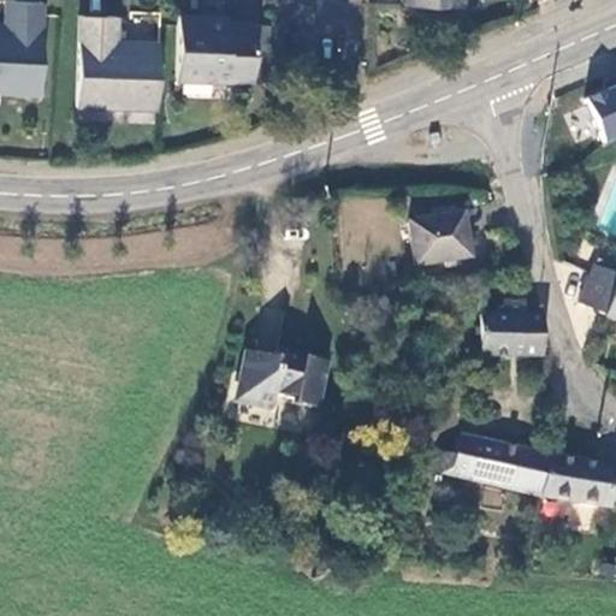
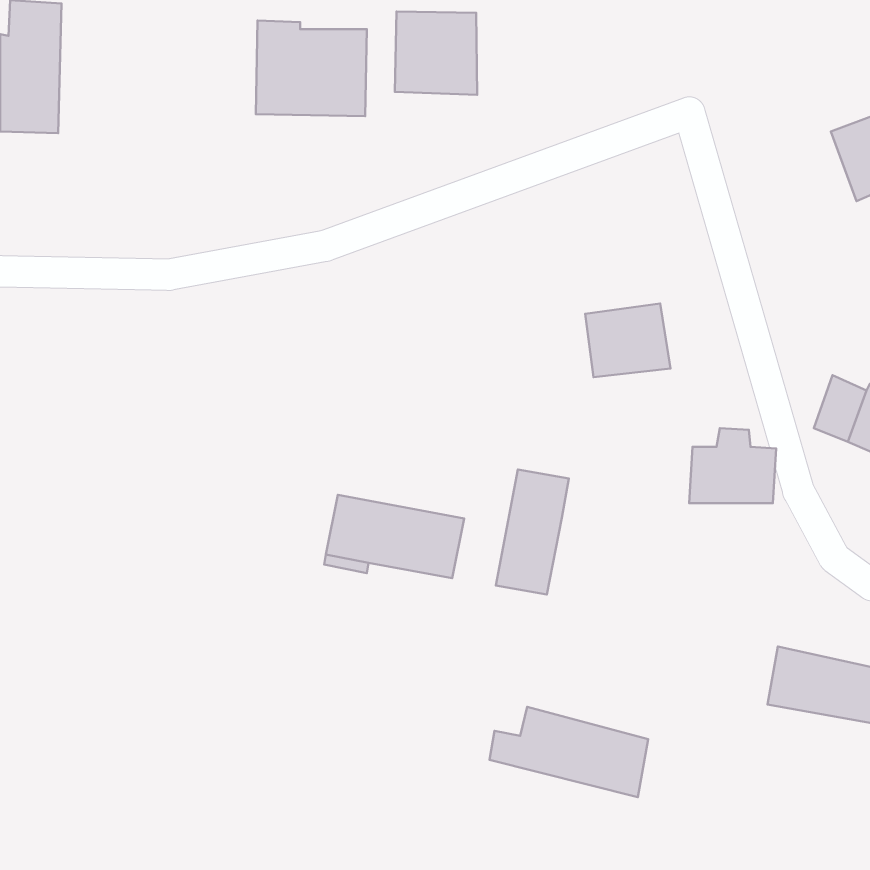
building: none -> [395,12,477,95]
building: [79,16,164,108] -> none
building: none -> [496,470,569,594]
building: [438,433,550,497] -> [489,707,648,797]

